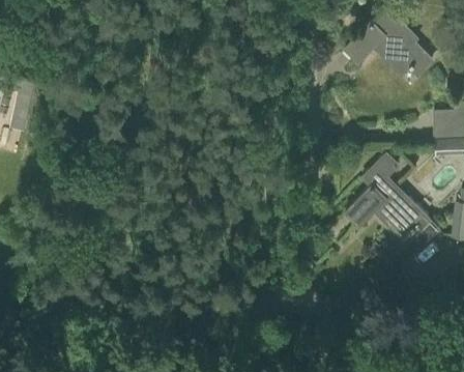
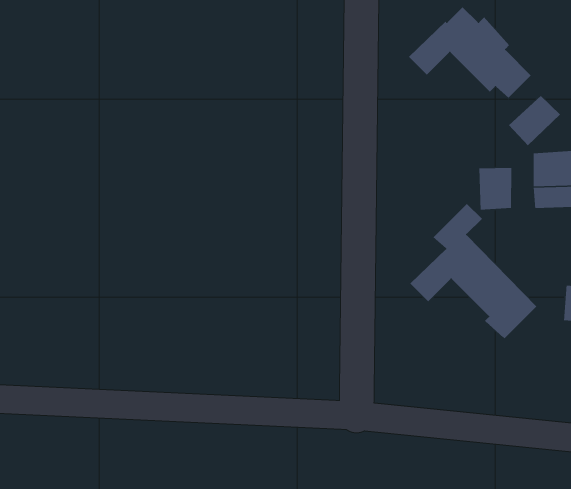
building: none -> [508,95,561,146]
building: none -> [479,167,512,211]

